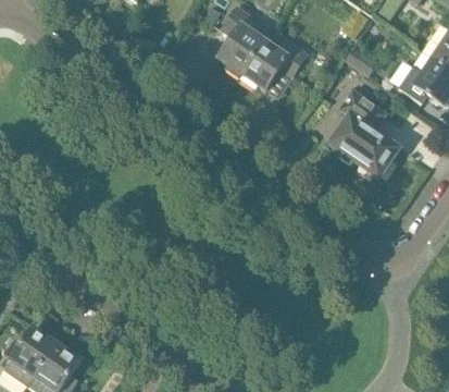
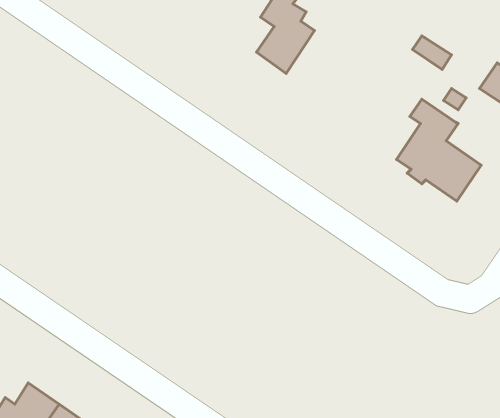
building: [241,39,308,89] -> none

